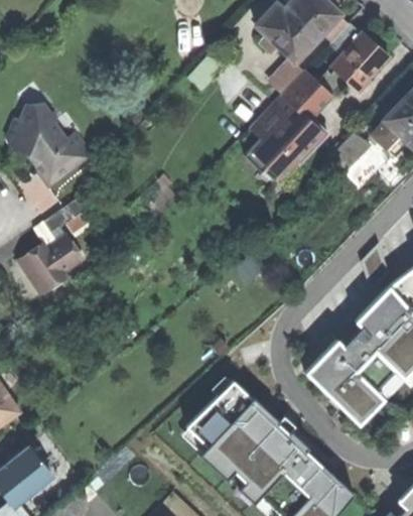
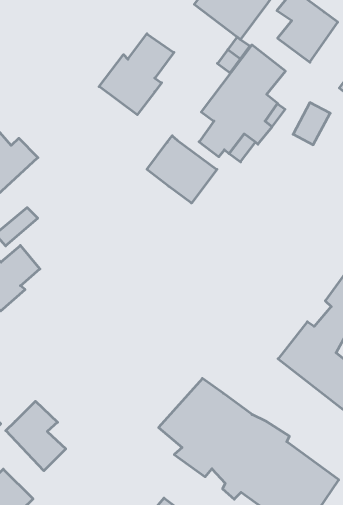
building: none -> [99,34,174,115]
building: none -> [147,136,217,203]
building: none -> [6,401,66,471]

